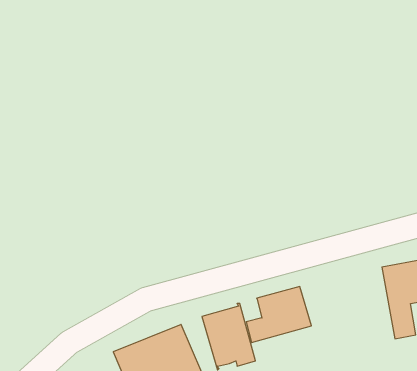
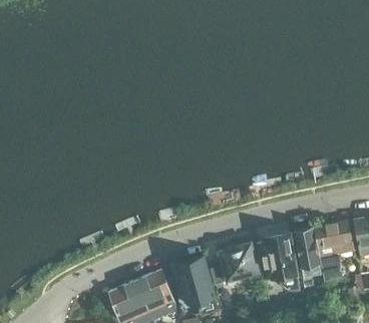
building: none -> [294,227,320,277]
building: none -> [258,233,300,290]

